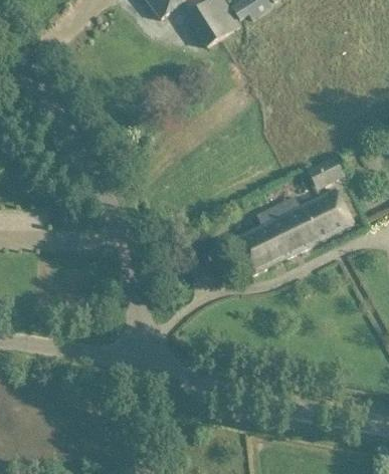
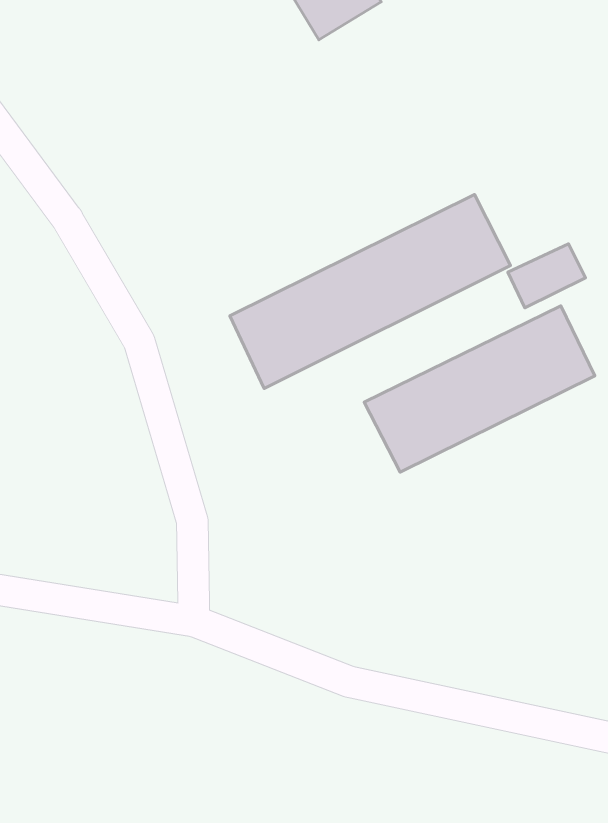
building: none -> [230,195,510,389]

